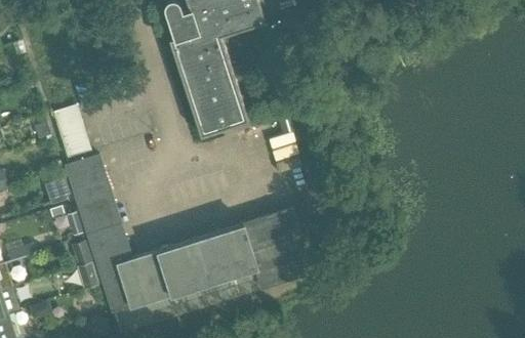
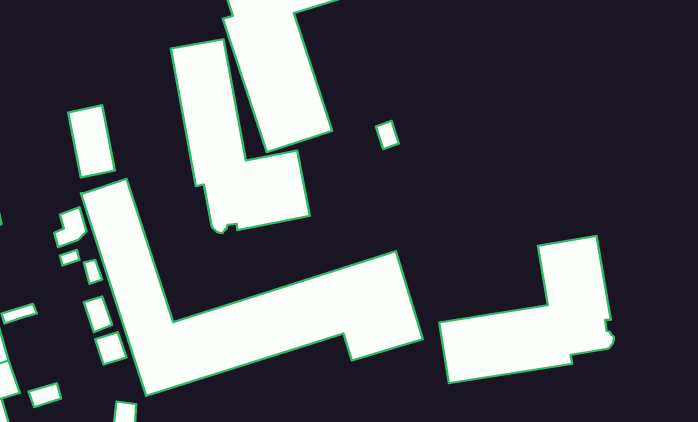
building: none -> [171,39,310,233]
building: none -> [439,236,614,383]

